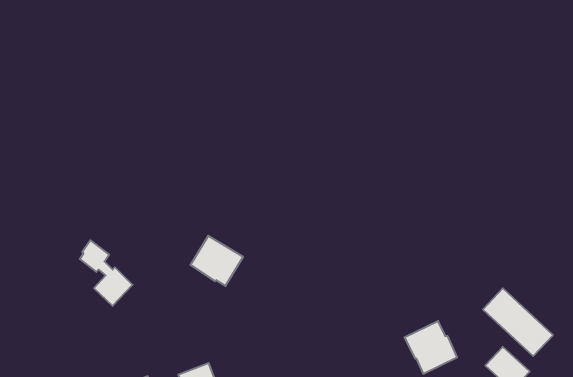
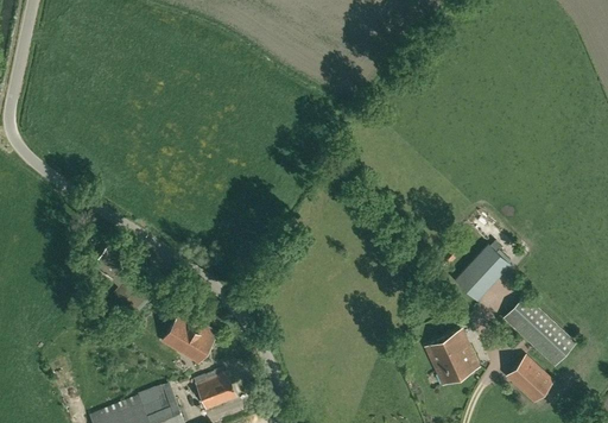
building: [190,236,243,286] -> [163,312,216,364]
building: none -> [456,245,509,301]

